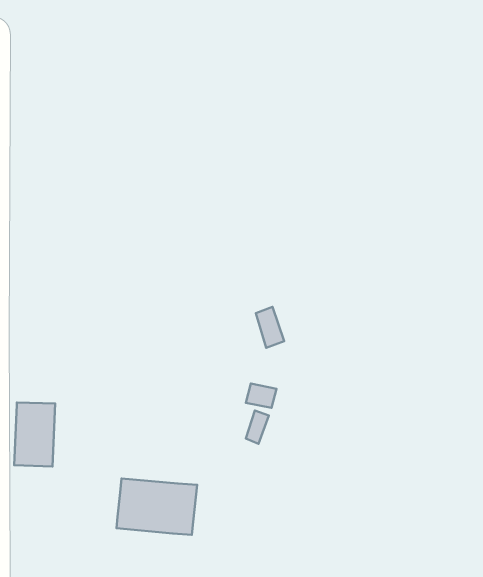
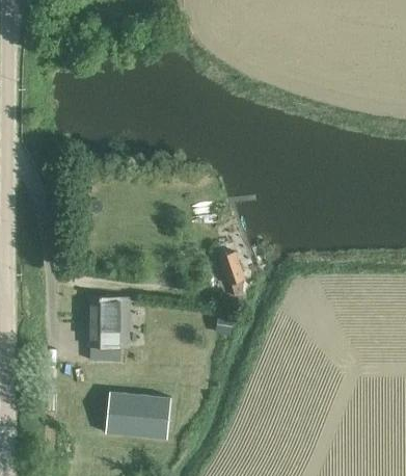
building: [14,402,55,466] -> [92,297,126,349]

